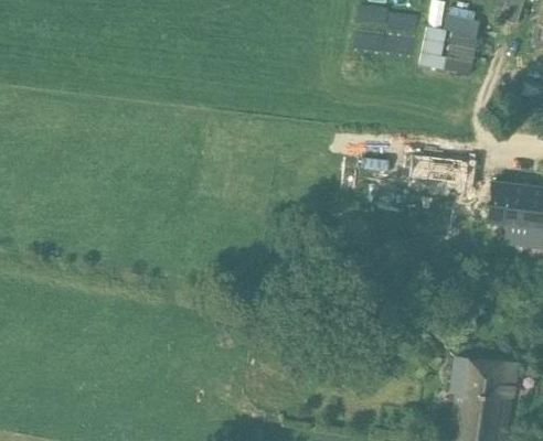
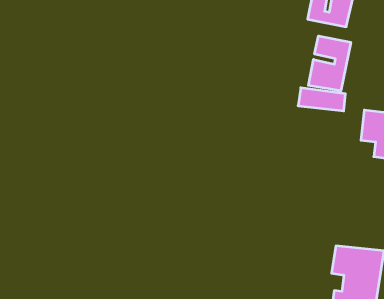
building: none -> [308,36,351,91]

